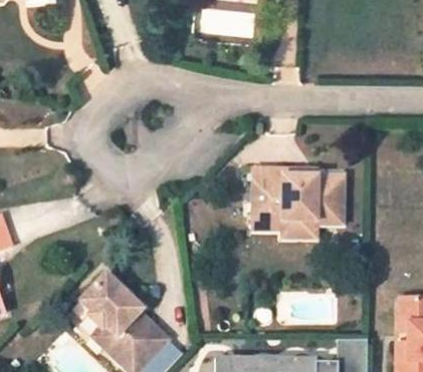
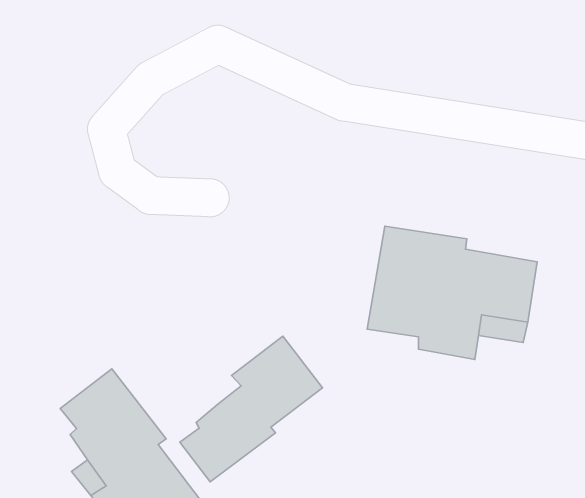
building: none -> [180,336,322,482]

